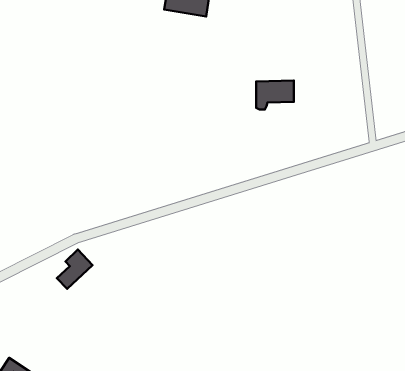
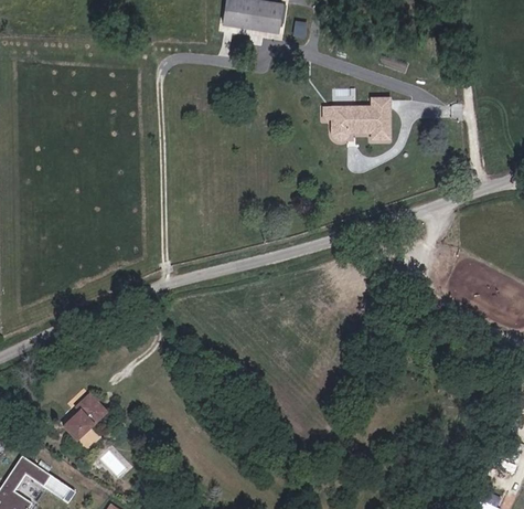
building: [57,249,93,289] -> [61,390,106,439]

